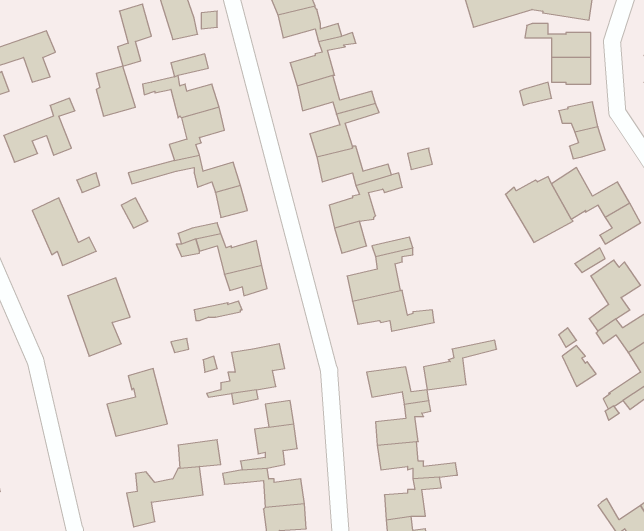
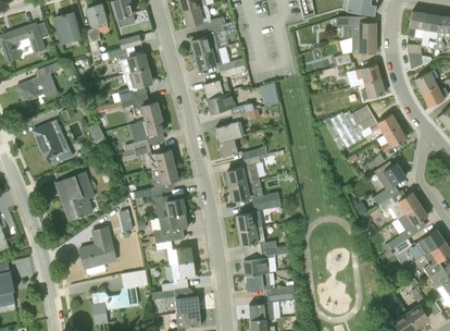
building: [96,66,135,116] -> [57,12,80,42]
building: none -> [146,193,185,216]
building: [424,340,497,390] -> [236,199,280,230]

